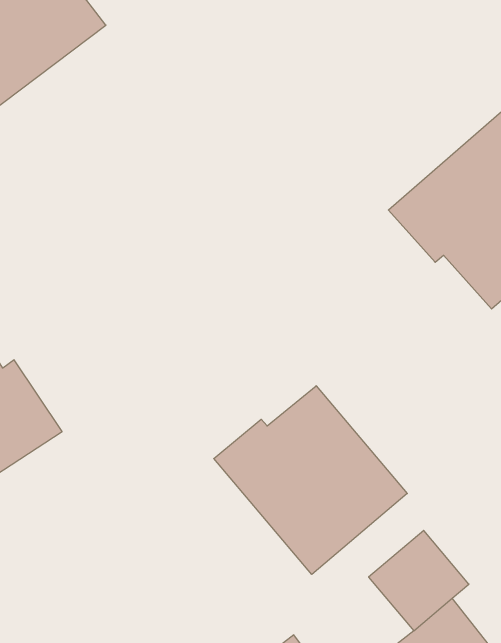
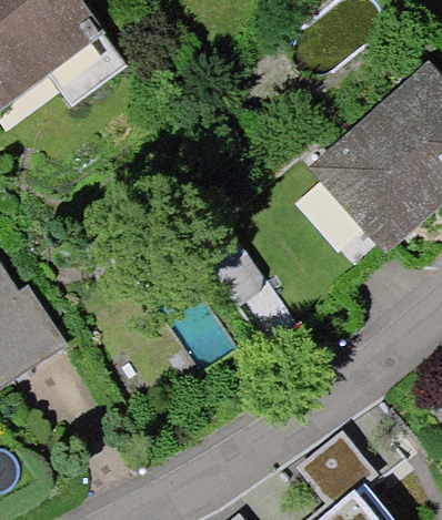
building: [214,386,407,574] -> none

